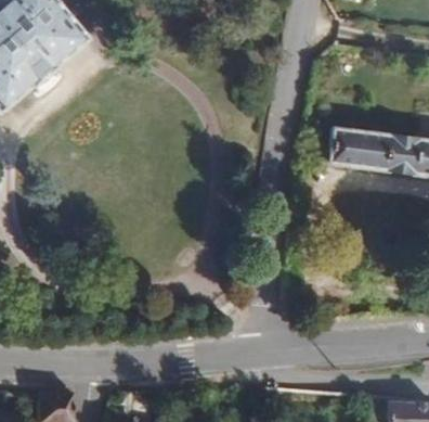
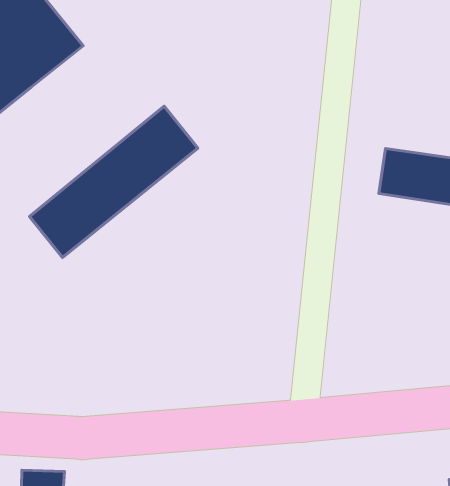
building: none -> [29,106,198,257]

